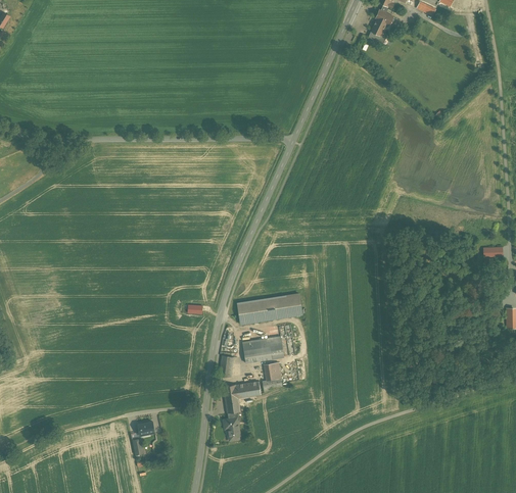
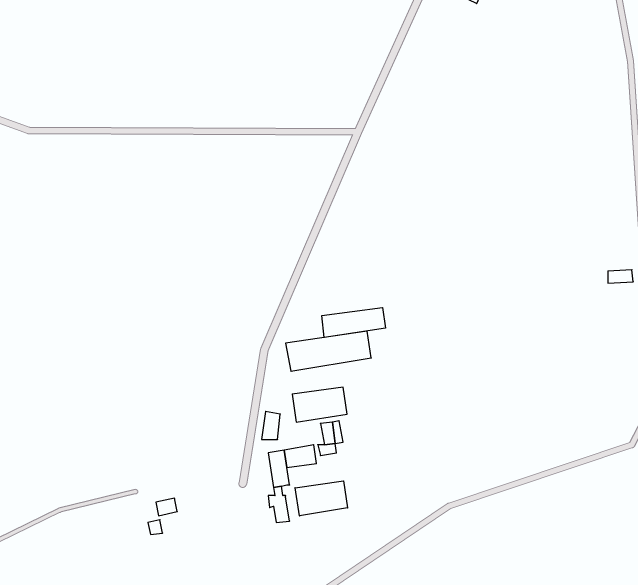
building: none -> [322,308,385,337]
building: none -> [295,481,348,516]

